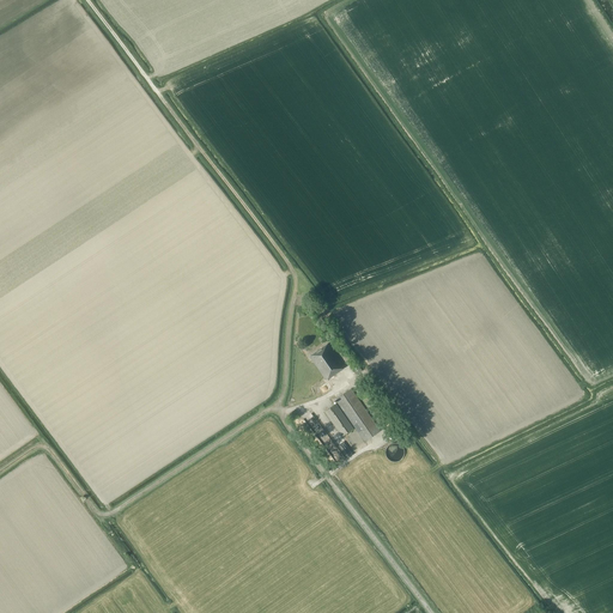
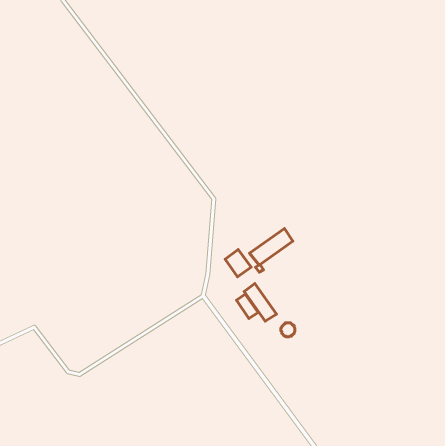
building: none -> [249,228,293,265]

